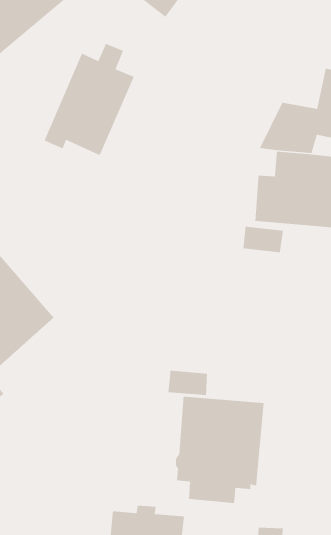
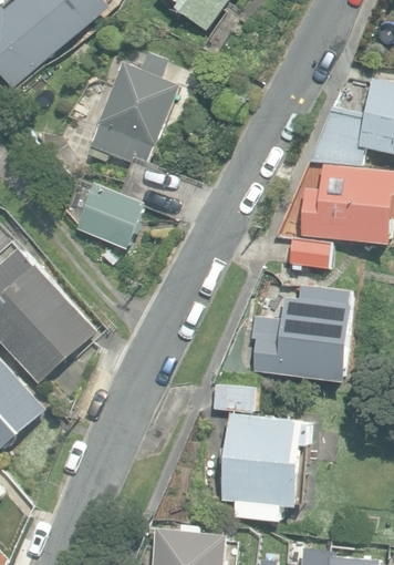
building: none -> [76,181,145,249]
building: none -> [249,286,351,379]

